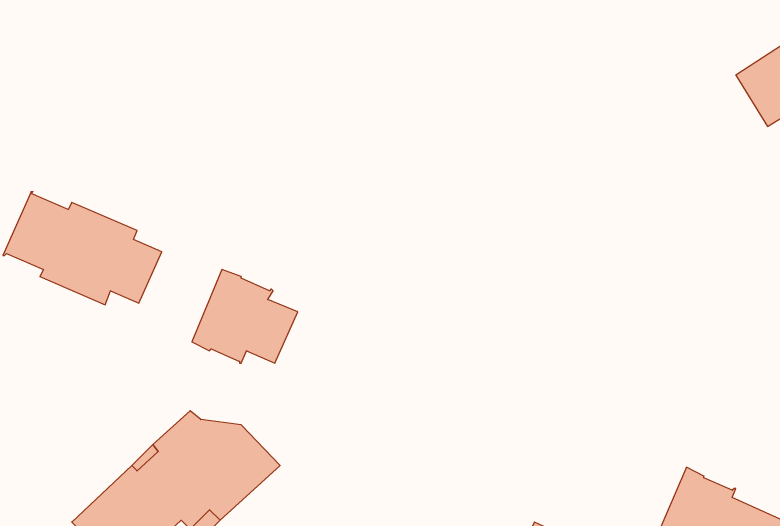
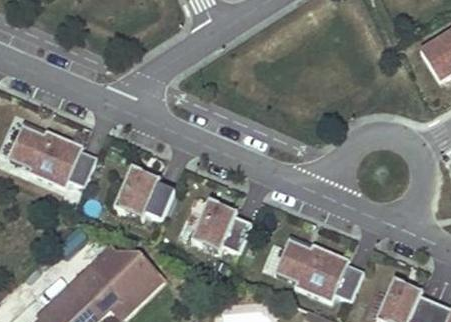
building: none -> [191,199,251,253]
building: none -> [273,236,363,300]

